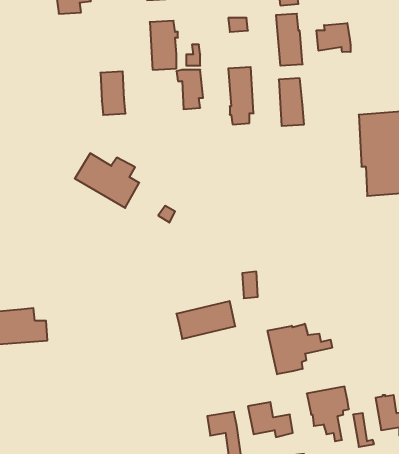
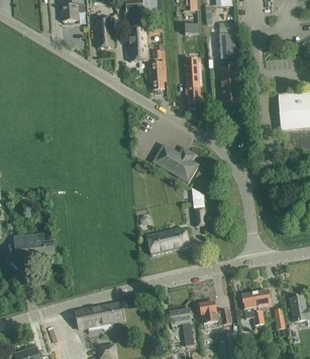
building: [317,23,351,52] -> none
building: [100,71,126,115] -> [95,15,113,46]
building: [75,153,139,208] -> [151,142,198,182]
building: [268,324,332,374] -> none
building: none -> [74,302,124,330]

